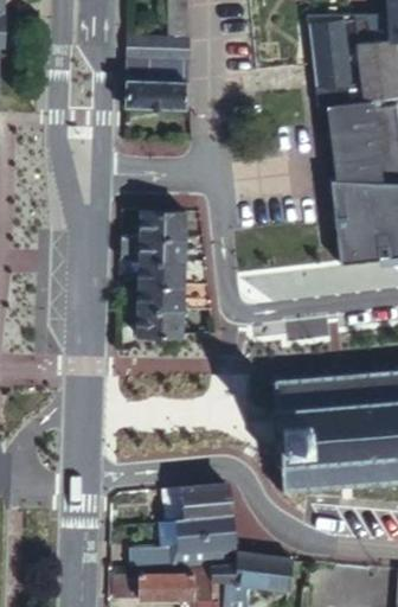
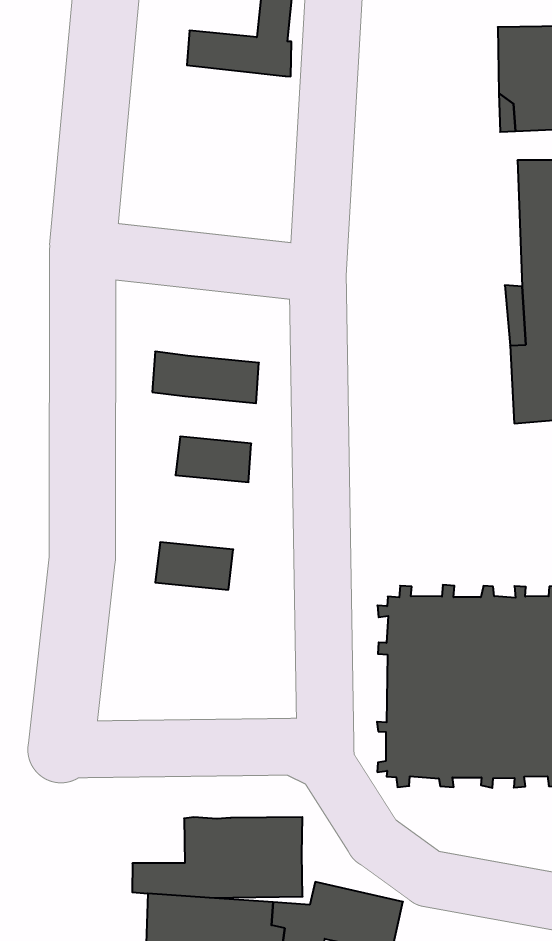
building: [126,62,188,109] -> none
building: [141,212,186,241] -> none
building: [140,264,185,290] -> none
building: [137,313,184,339] -> [155,542,233,590]
building: [162,487,231,522] -> none

